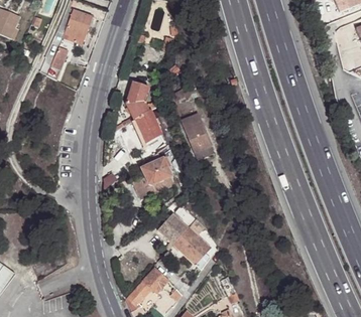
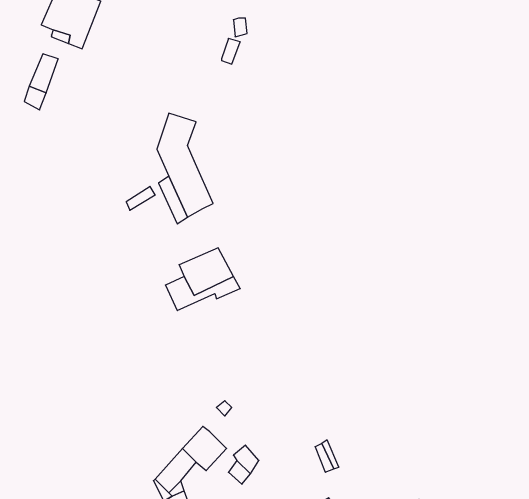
building: [178,112,210,152] -> none
building: [156,214,208,269] -> none

